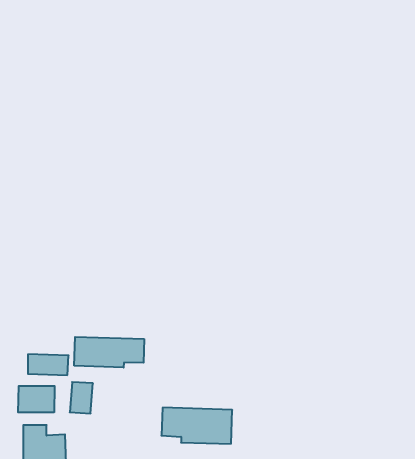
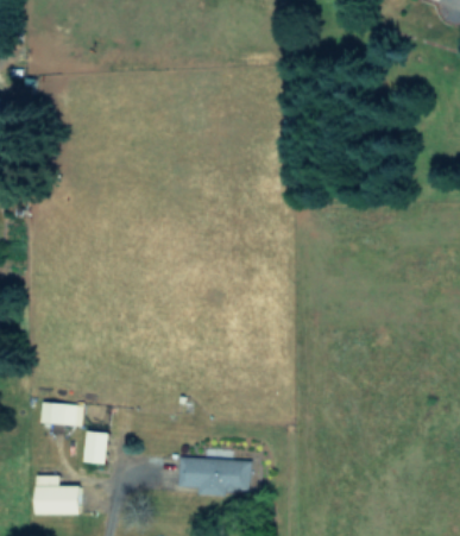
building: [74,337,144,368] -> none
building: [18,386,55,412] -> none

